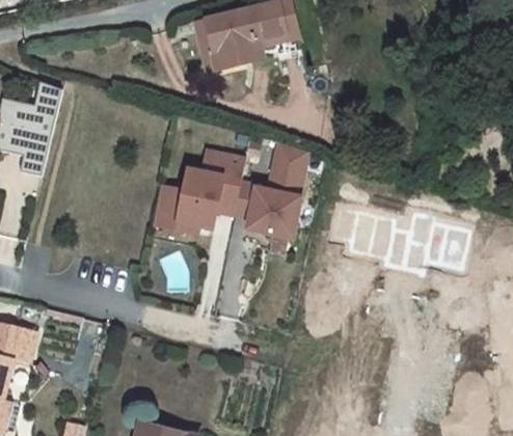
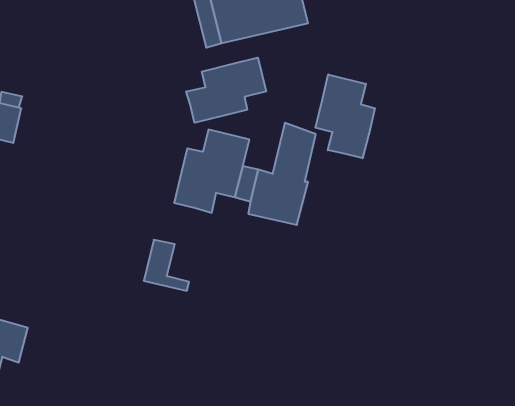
building: none -> [186,58,266,123]
building: none -> [315,74,375,158]
building: [152,181,194,228] -> [144,240,189,291]

